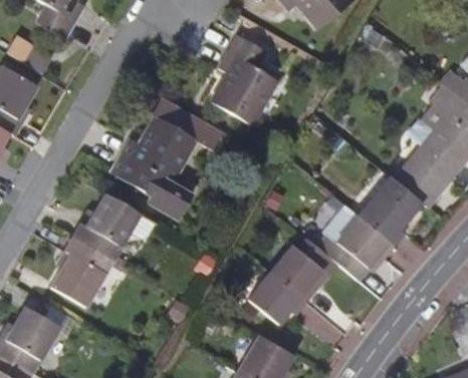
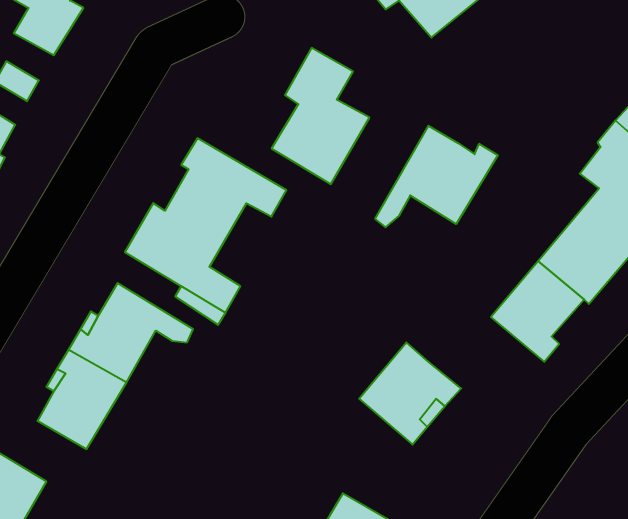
building: none -> [375,126,498,227]
building: [317,204,396,280] -> none
building: [249,272,306,324] -> none

